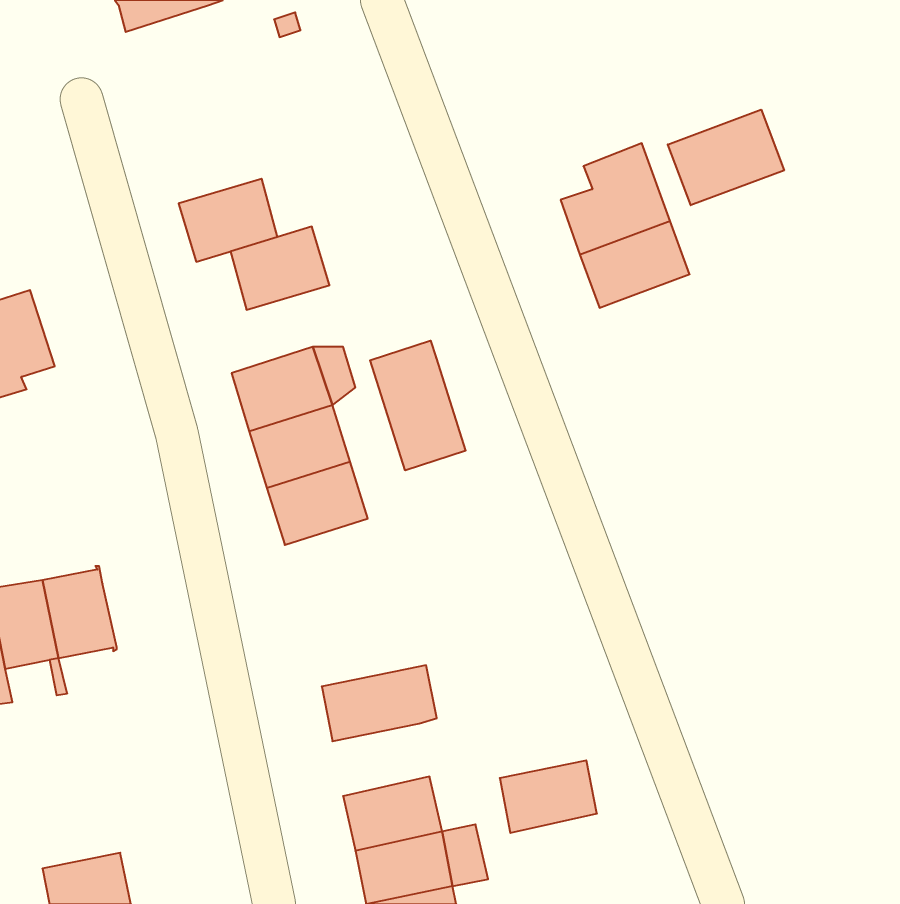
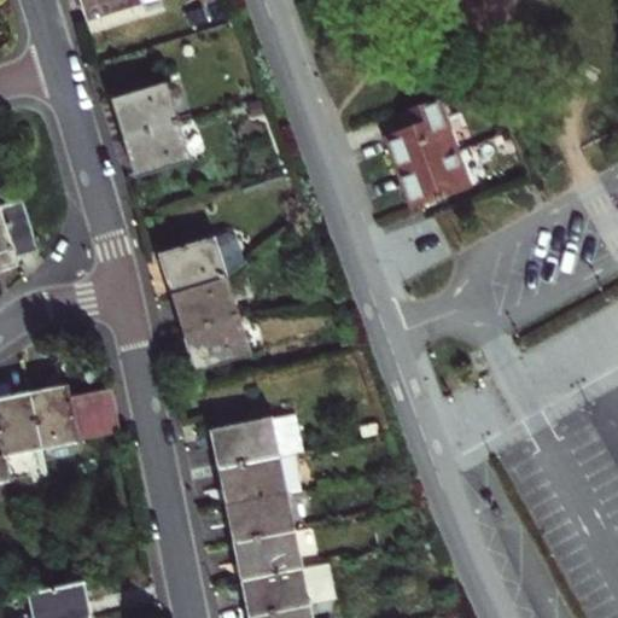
building: [668,110,784,205] -> none
building: [230,227,330,310] -> [111,82,179,139]
building: [370,341,466,470] -> none
building: none -> [70,387,122,442]
building: none -> [211,416,279,468]
building: [500,760,597,833] -> [227,494,293,543]

